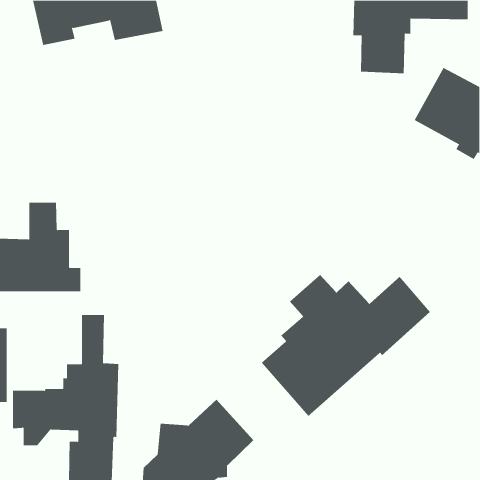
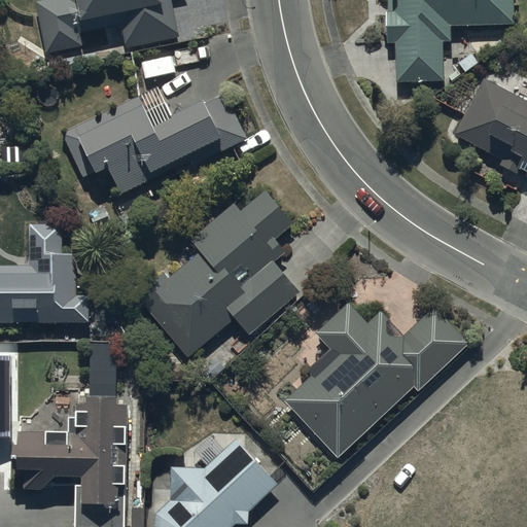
building: none -> [62,86,249,191]
building: none -> [141,187,298,357]

